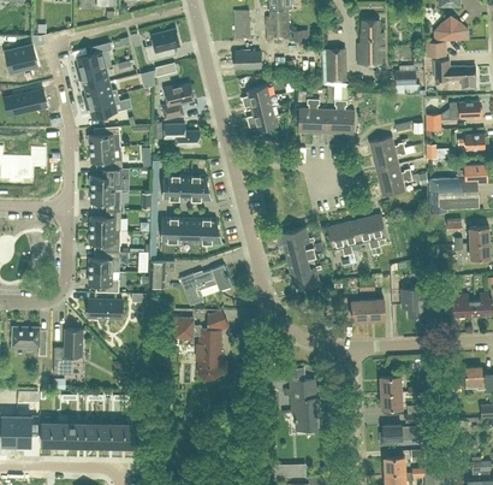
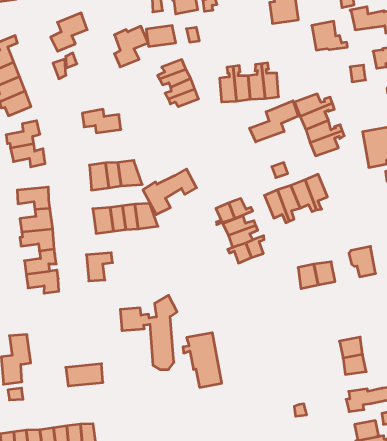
building: [322,49,346,85] -> none
building: [160,83,194,119] -> [114,26,148,67]
building: none -> [250,101,298,142]
building: [89,168,129,191] -> none
building: [180,266,232,306] -> [143,169,197,215]
building: [88,300,123,319] -> [66,364,103,386]
building: [285,380,317,431] -> [183,333,222,387]

